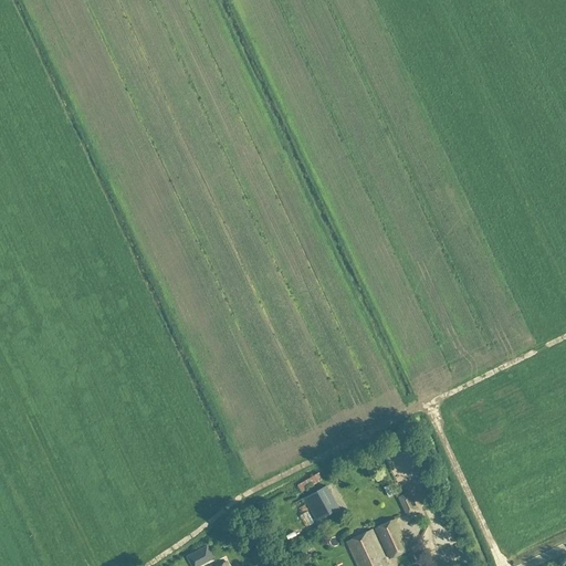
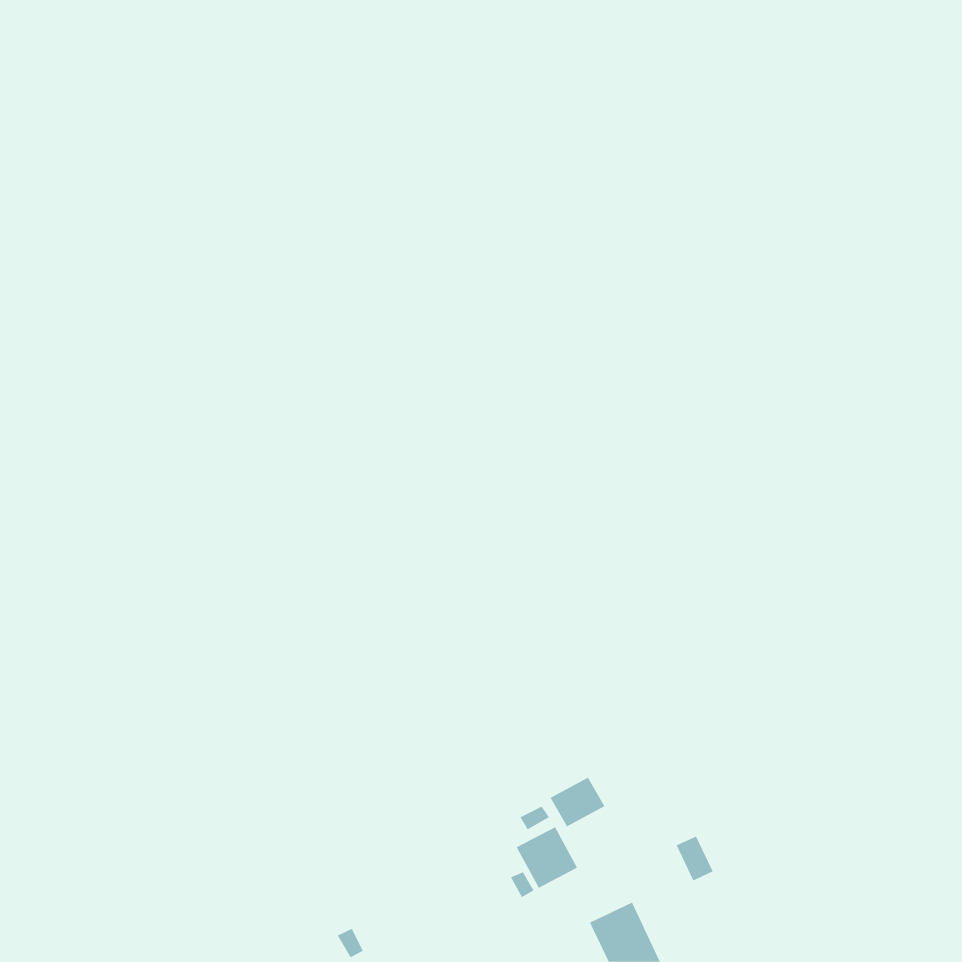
building: none -> [550,777,605,827]
building: [375,520,408,558] -> none

